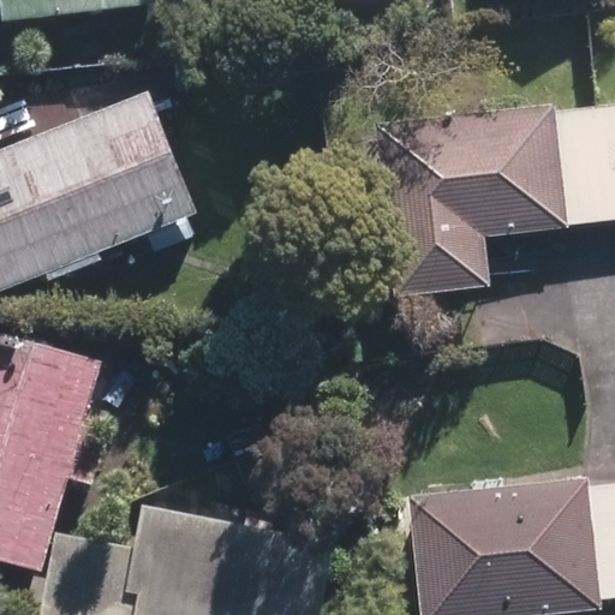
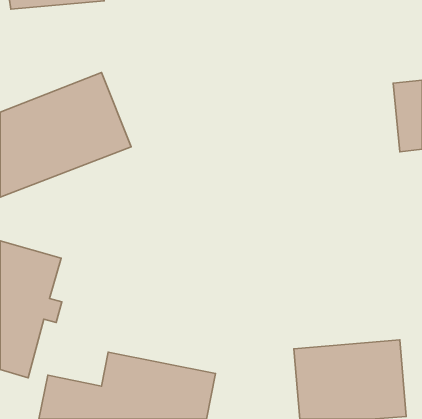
building: [392,121,562,289] -> none

